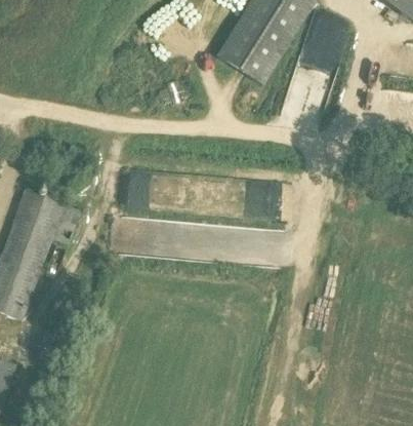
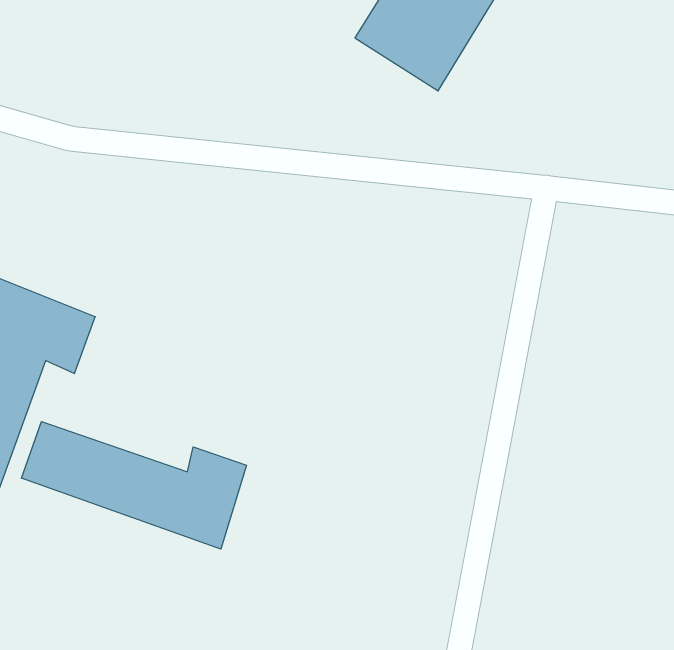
building: none -> [21,422,247,549]

